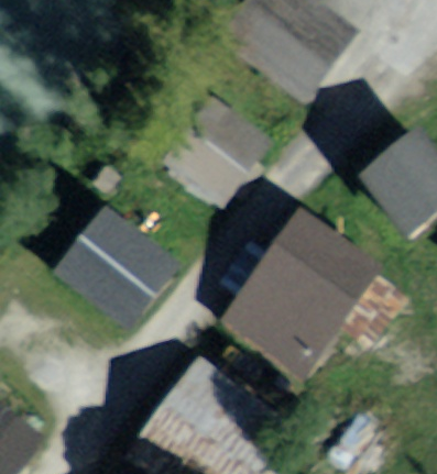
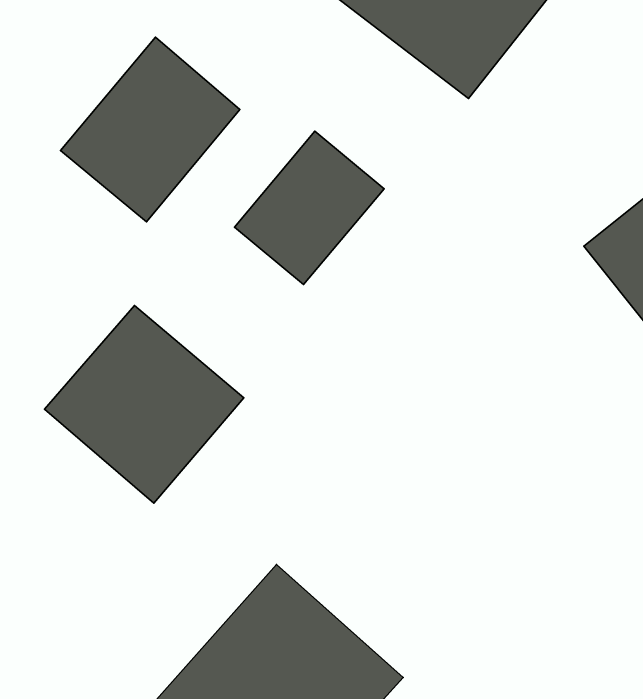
building: none -> [61,37,240,222]
building: [228,219,358,356] -> none

